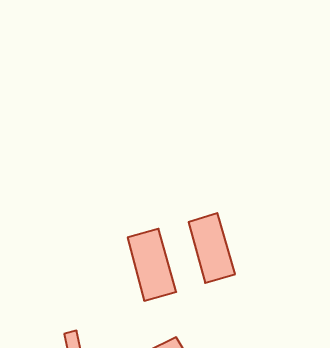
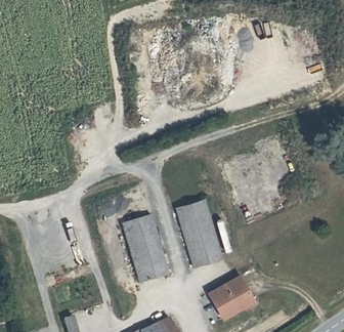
building: none -> [210,278,252,313]

